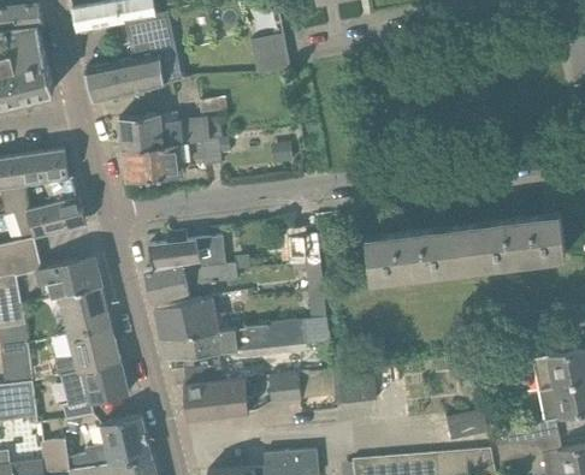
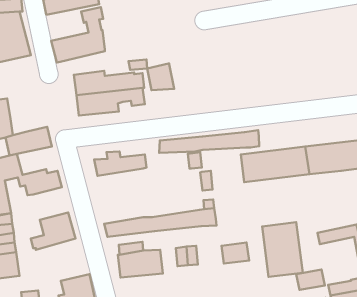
building: [250,34,290,73] -> [147,63,174,90]
building: [19,149,78,203] -> none
building: none -> [159,130,259,153]
building: [144,259,237,301] -> none
building: [58,286,110,334] -> none
building: [154,297,220,340] -> none
building: none -> [262,222,303,277]
building: [61,362,128,420] -> none

